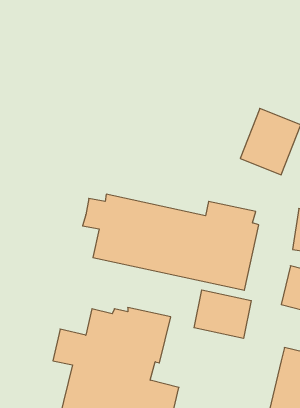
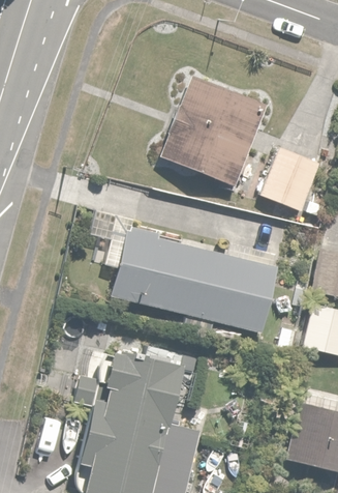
building: none -> [161,74,269,187]
building: [194,290,251,338] -> none

